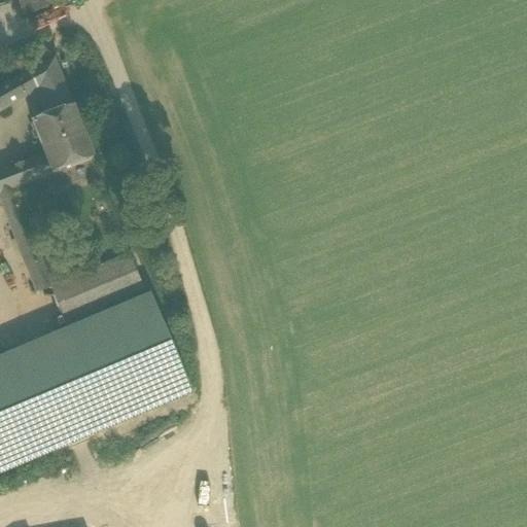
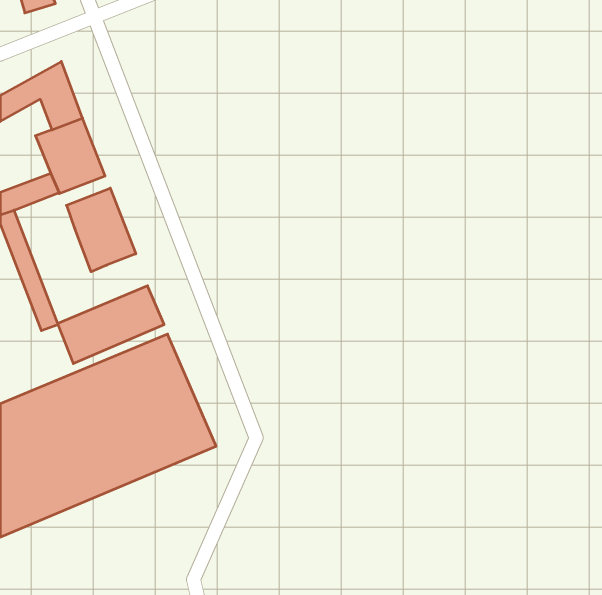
building: none -> [66,188,136,272]

